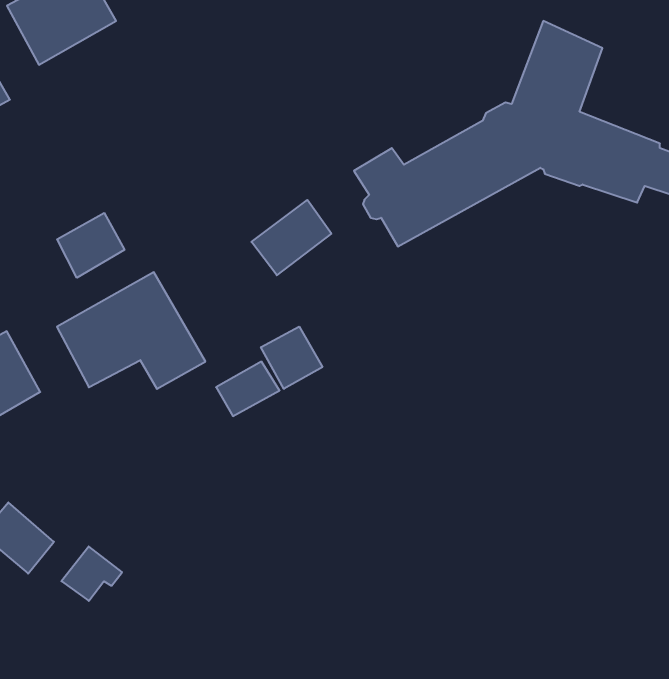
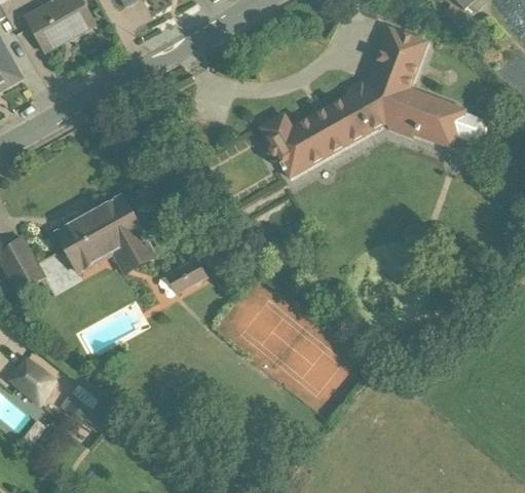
building: [251,200,331,275] -> none
building: [57,213,124,278] -> none
building: [261,327,322,389] -> none

